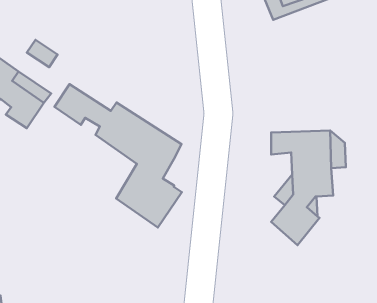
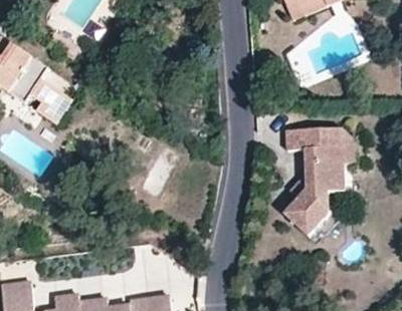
building: [54,84,182,228] -> none

